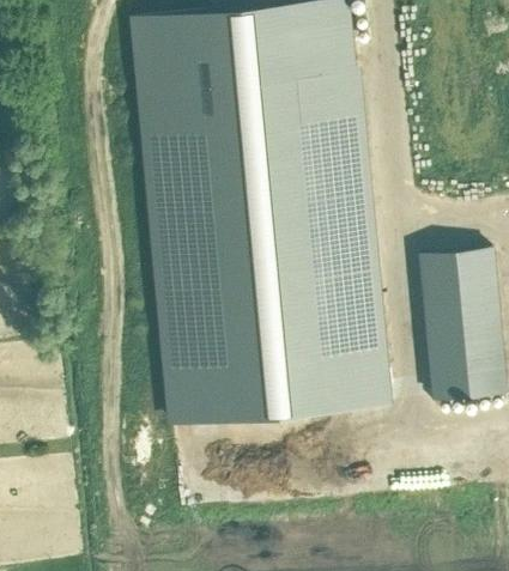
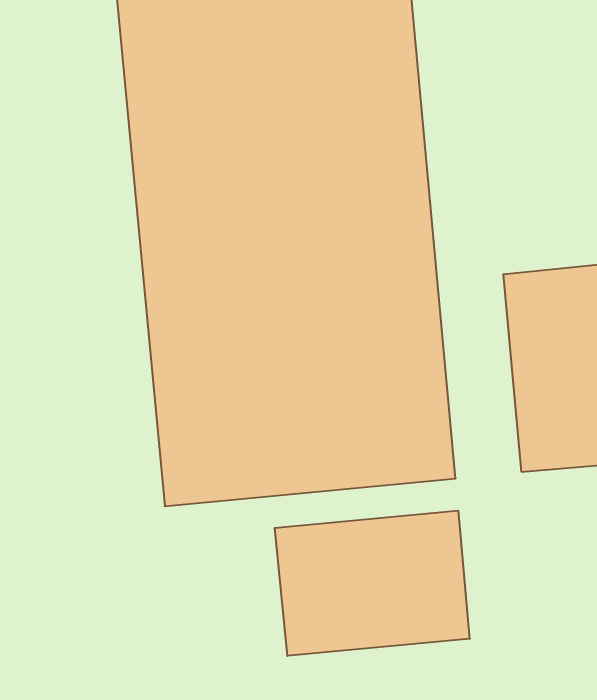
building: none -> [275,511,470,656]

